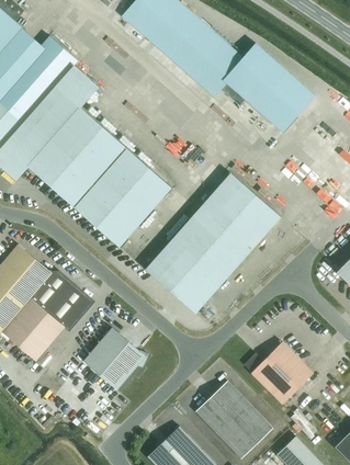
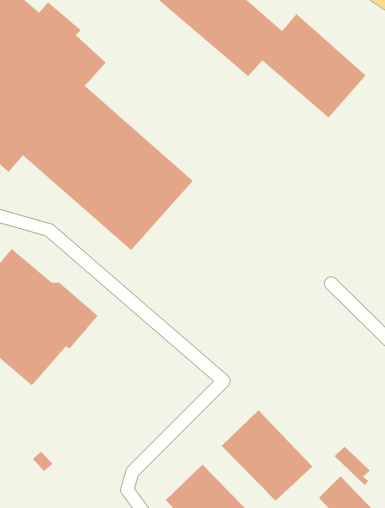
building: [146,173,281,314] -> none
building: [83,328,146,390] -> none
building: [244,342,314,405] -> none

